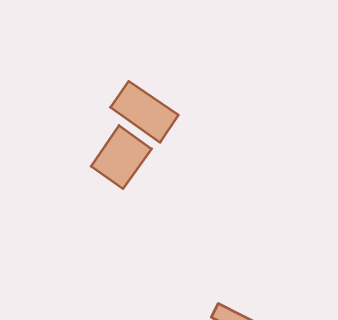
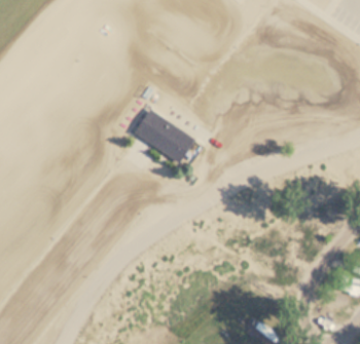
building: [91,125,152,189] -> none

